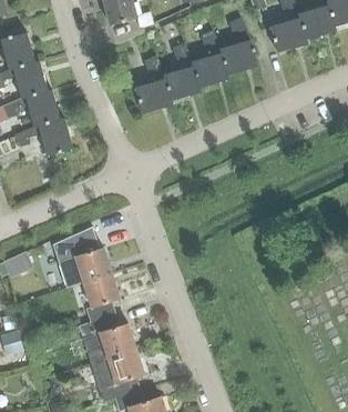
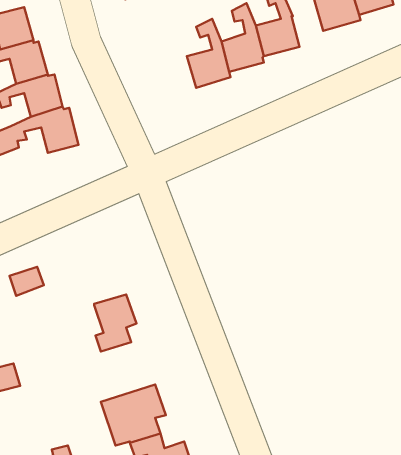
building: [134,56,171,112] -> none
building: [55,238,111,288] -> none
building: [78,313,135,363] -> none

